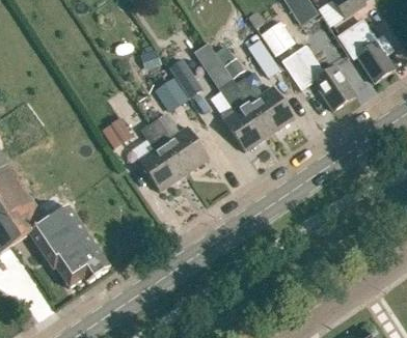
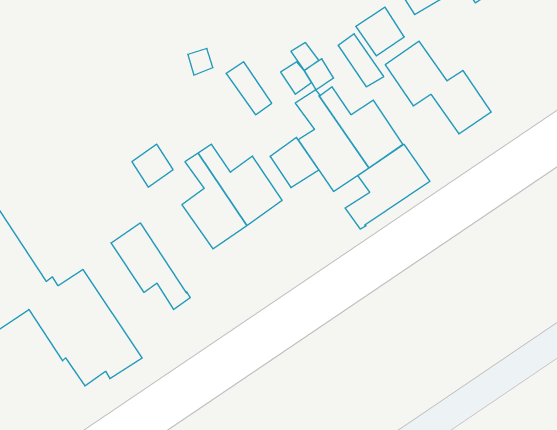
building: [338,21,395,82] -> none
building: [156,75,190,110] -> [270,137,319,188]
building: none -> [345,144,430,229]
building: none -> [111,223,190,310]

